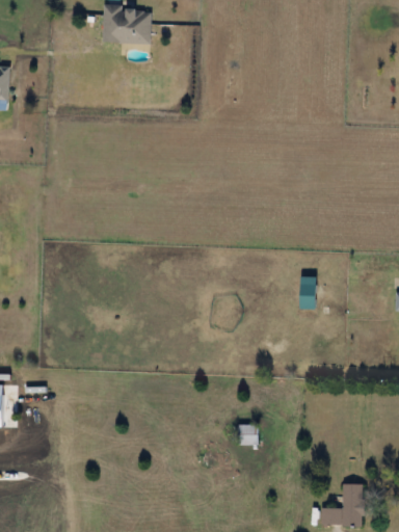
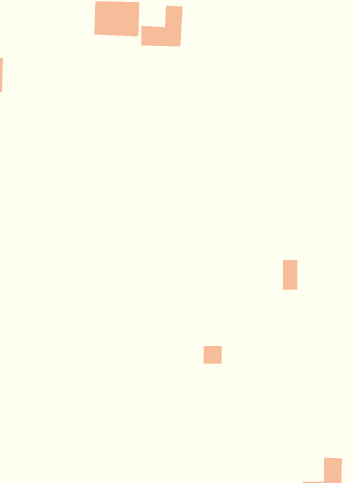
building: none -> [141,5,183,47]
building: [237,424,258,444] -> [203,345,223,364]

